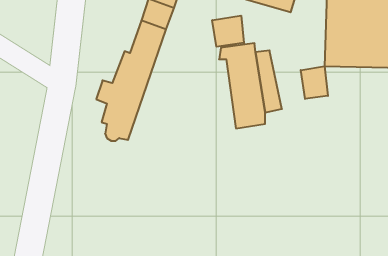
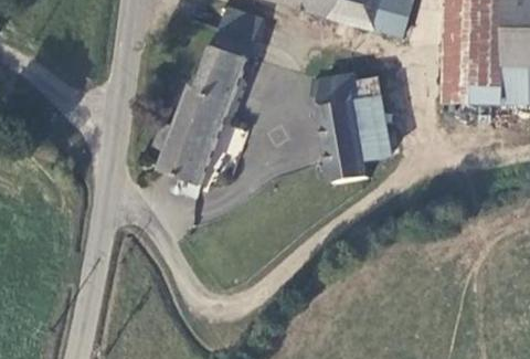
building: [212,16,244,47] -> none
building: [301,66,328,99] -> none

